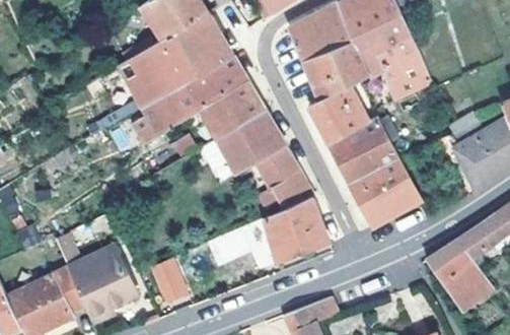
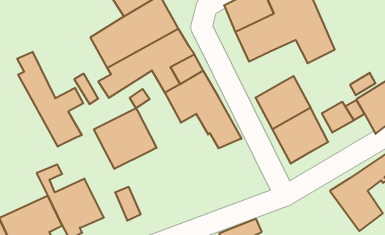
building: [308,84,369,143] -> none
building: none -> [17,52,83,147]
building: none -> [322,102,354,133]
building: none -> [94,108,157,169]
building: [249,195,327,267] -> none

